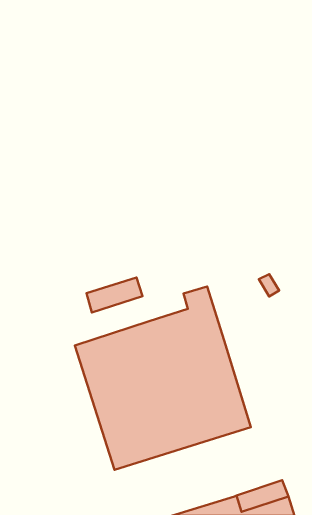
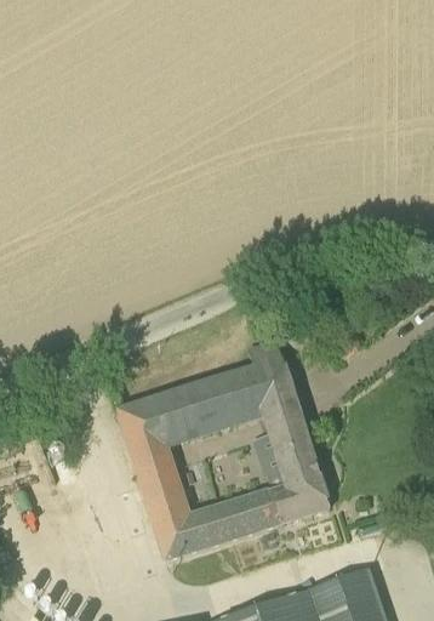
building: [86,277,143,312] -> none

